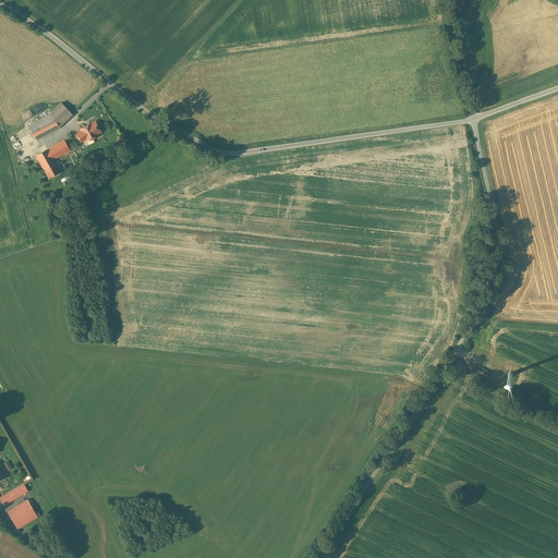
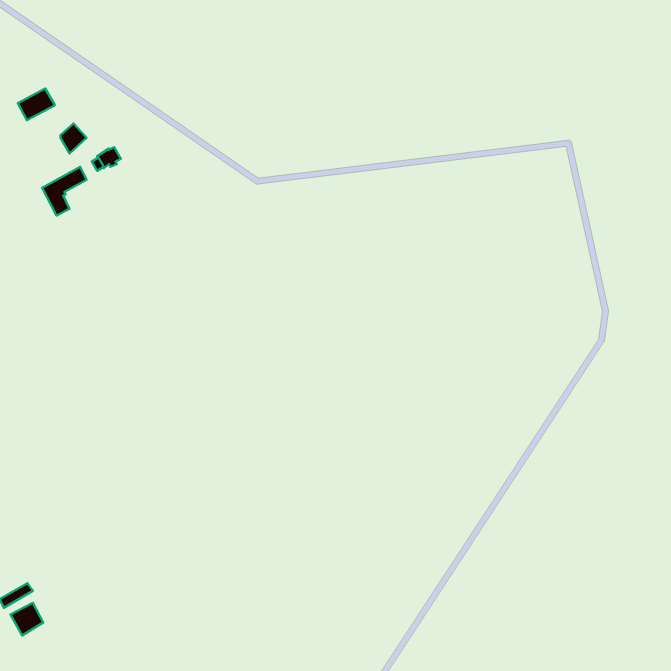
building: [27,114,58,141] -> [18,89,55,120]

